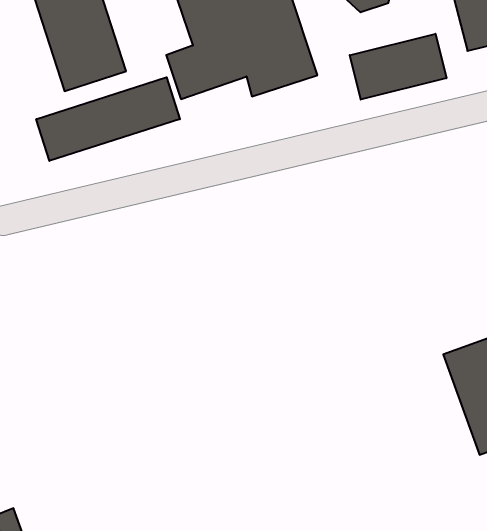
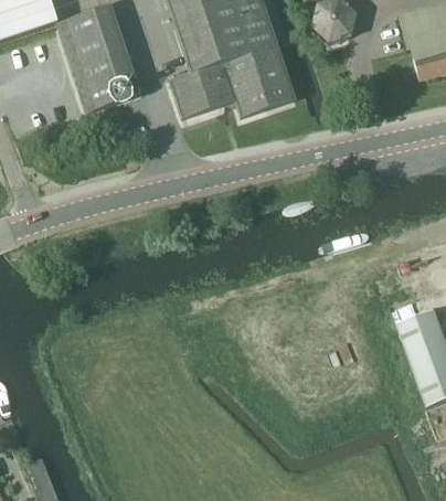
building: [350,34,446,100] -> none
building: [36,77,180,161] -> none

